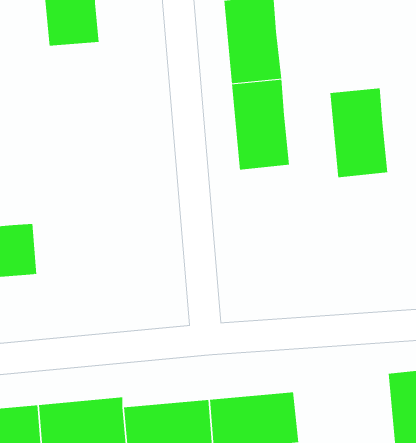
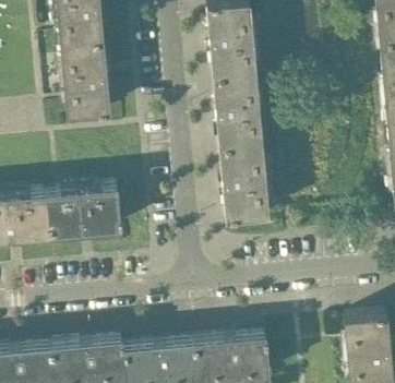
building: none -> [61,43,110,117]
building: [330,88,388,178] -> [220,145,270,220]
building: none -> [48,188,122,237]

